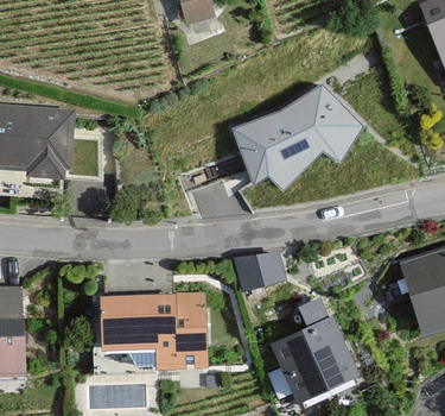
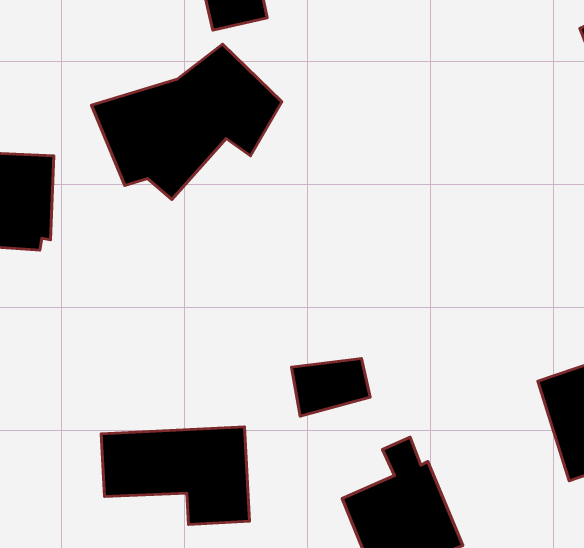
building: [230,82,360,188] -> [92,44,282,200]

